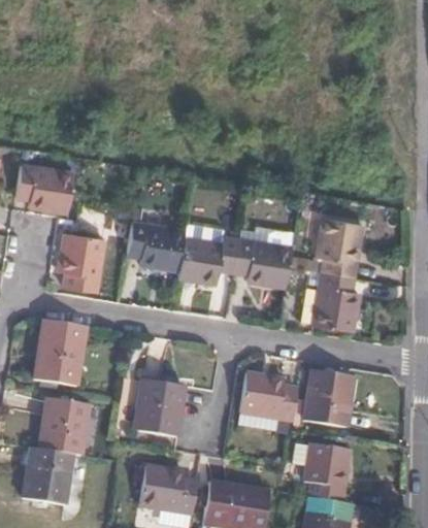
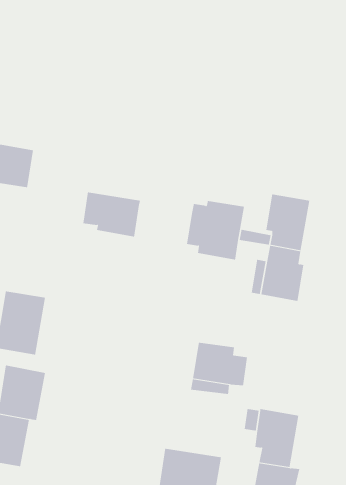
building: [61,224,107,284] -> none
building: [179,230,239,275] -> none
building: [303,370,355,426] -> none
building: [132,380,185,438] -> none
building: [141,468,199,516] -> none

